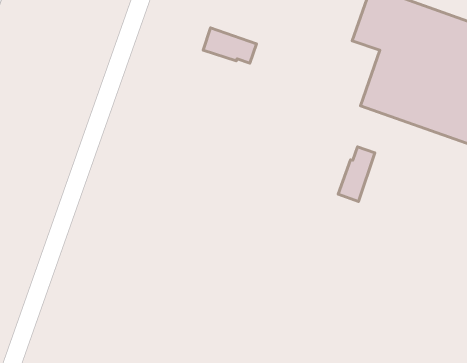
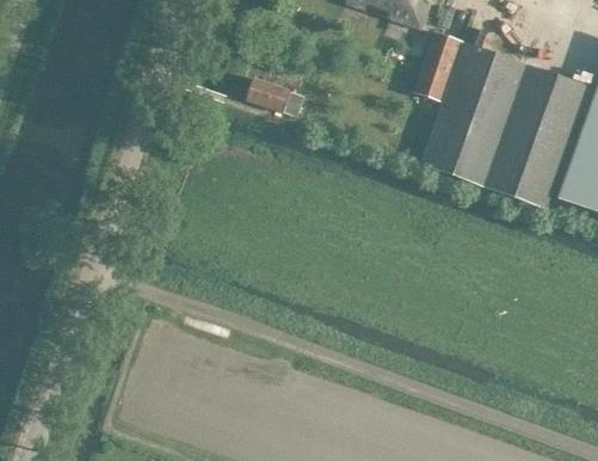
building: [338,147,375,201] -> none

